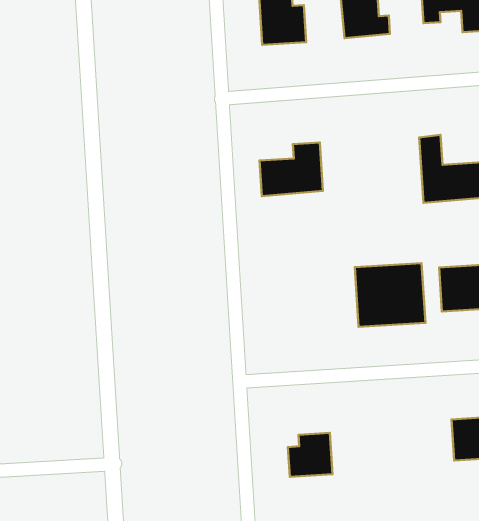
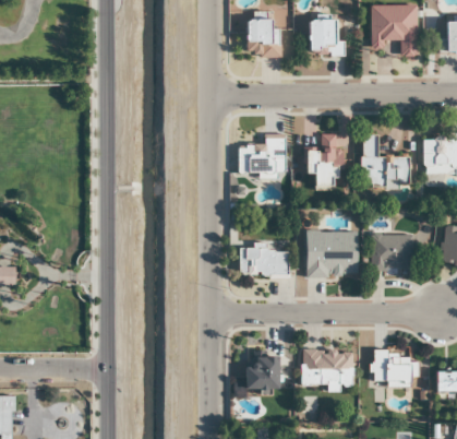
building: none -> [306,134,341,187]
building: none -> [240,248,289,275]
building: none -> [301,351,353,387]

